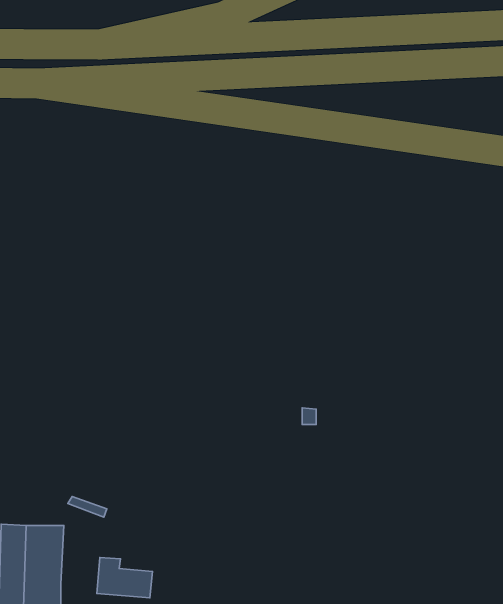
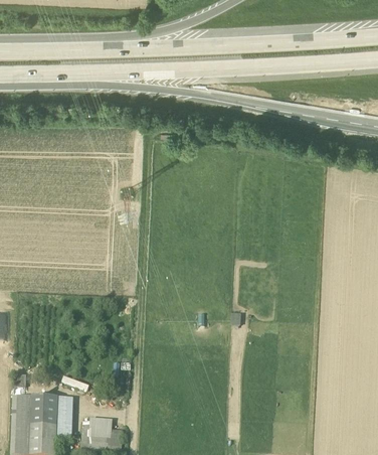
building: none -> [56,395,72,437]

